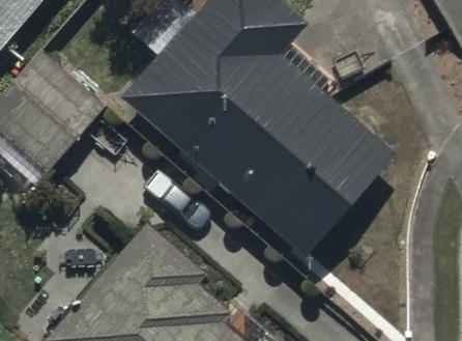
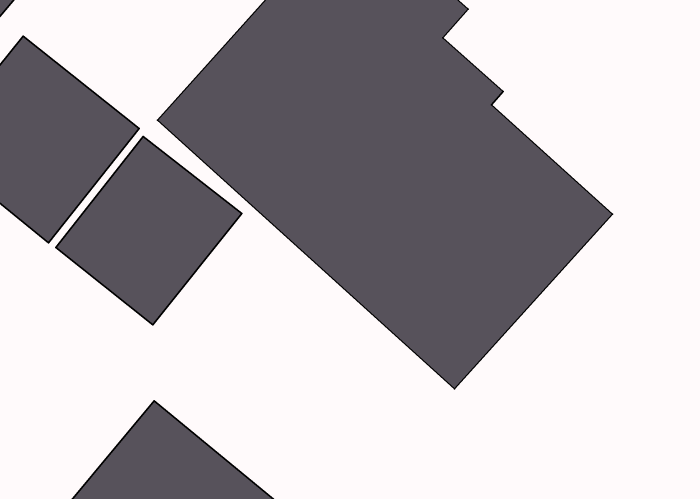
building: none -> [56,137,242,325]

